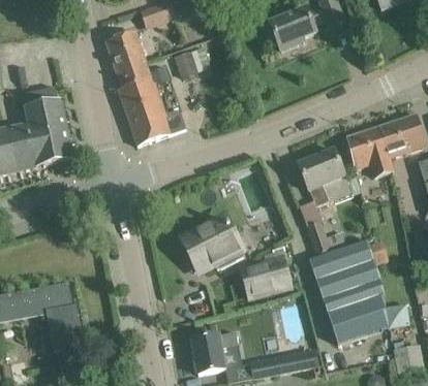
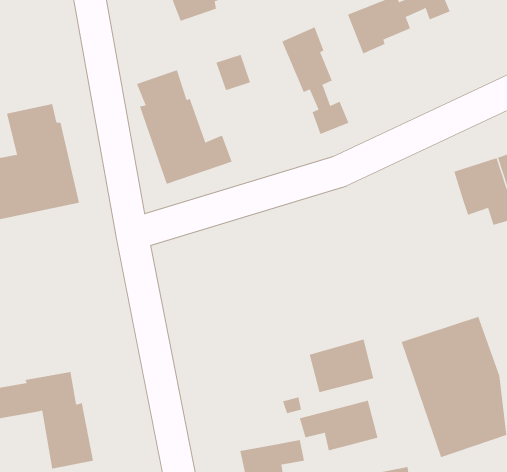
building: none -> [282,26,349,135]
building: [104,30,145,71] -> none
building: [297,149,350,253] -> none
building: [183,217,242,268] -> none
building: none -> [299,400,378,451]

